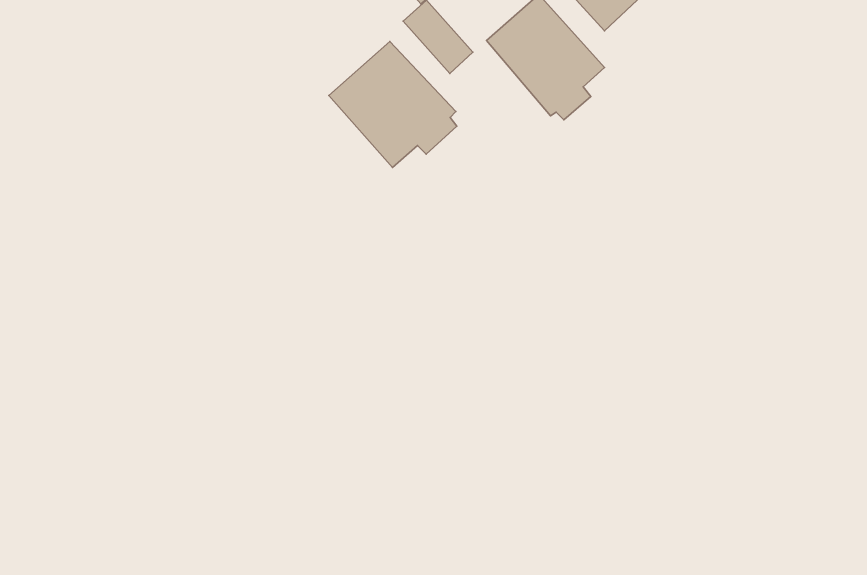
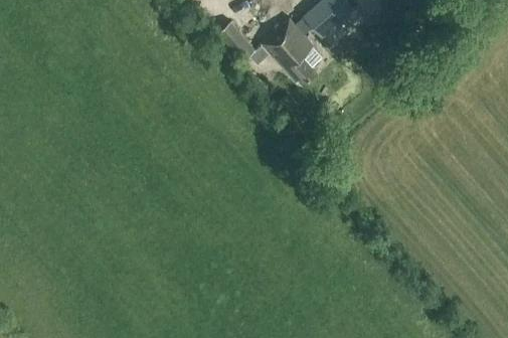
building: [329,42,457,168] -> none

